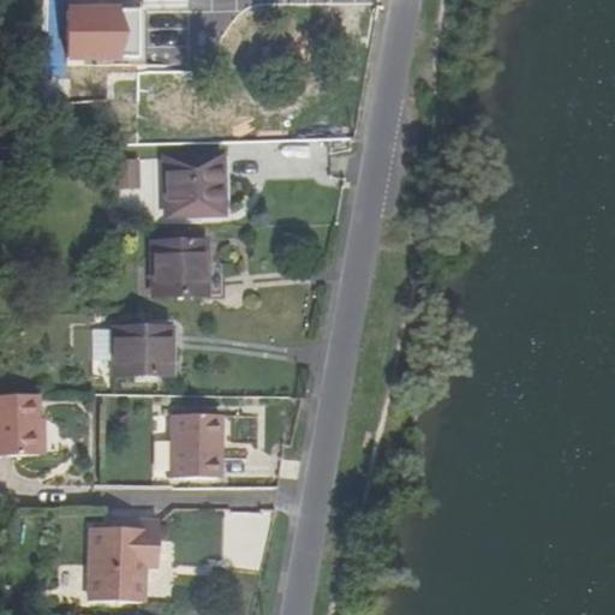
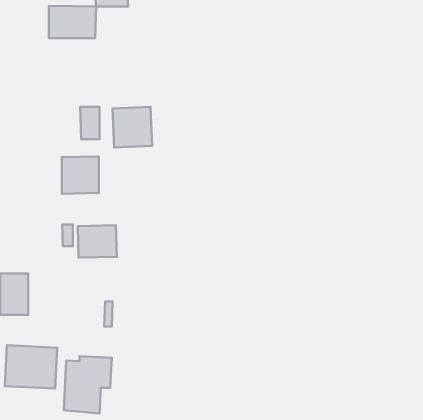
building: [151,239,205,293] -> [62,156,99,194]
building: [173,416,222,479] -> none
building: none -> [5,345,57,389]

